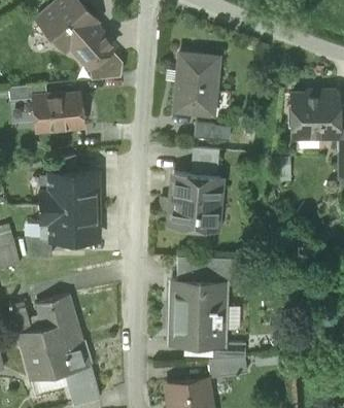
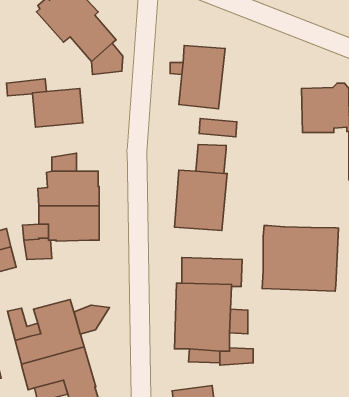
building: none -> [262,225,338,291]
building: none -> [74,305,110,334]
building: [208,358,247,379] -> none

